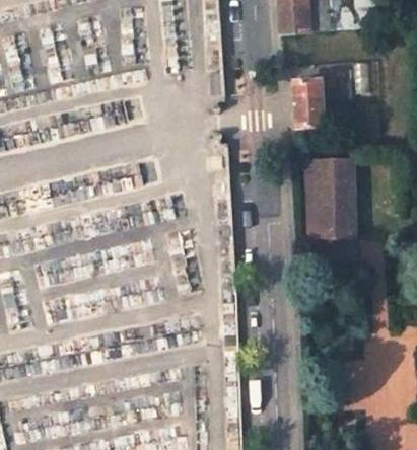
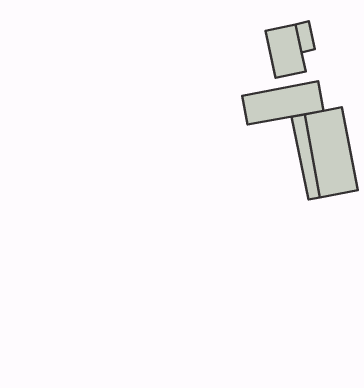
building: none -> [242,81,323,125]

